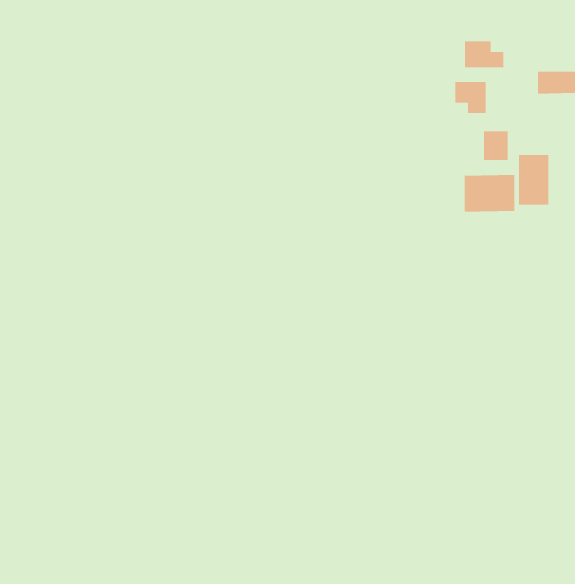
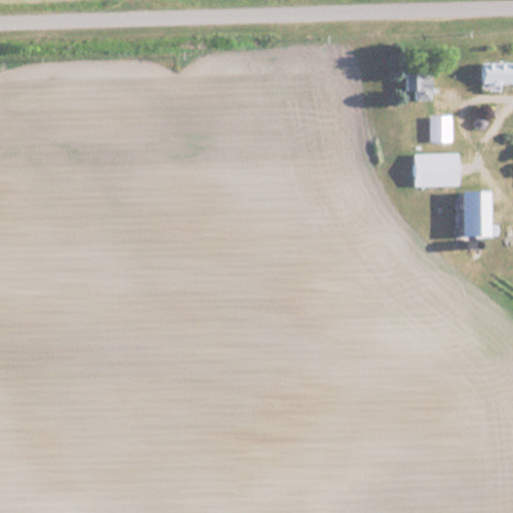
building: [464,40,504,68] -> none
building: [518,155,549,205] -> [459,192,486,236]

